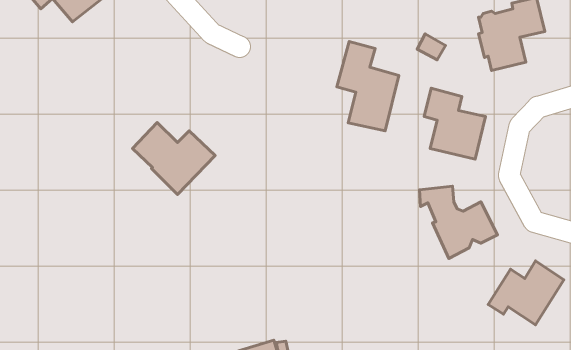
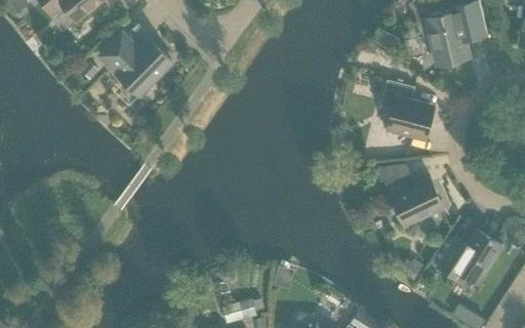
building: [337,41,399,131] -> none
building: [132,122,215,195] -> [100,34,172,96]

